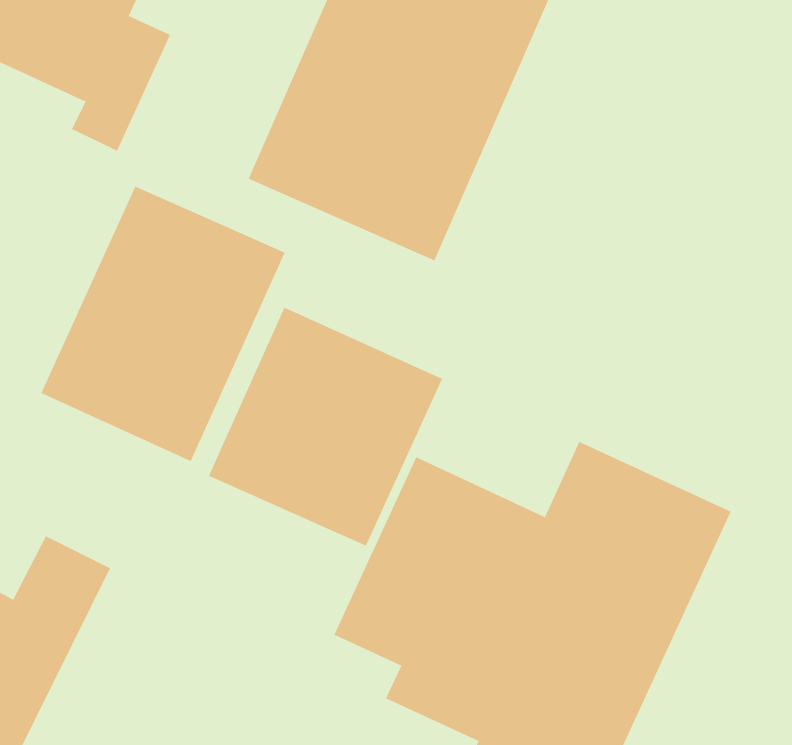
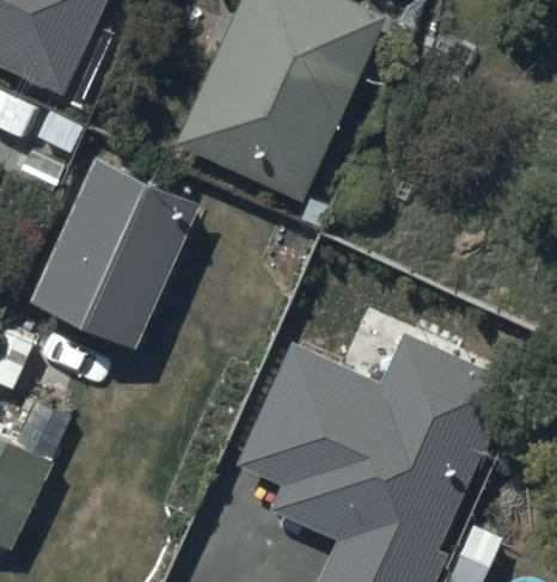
building: [208,307,443,546] -> none

